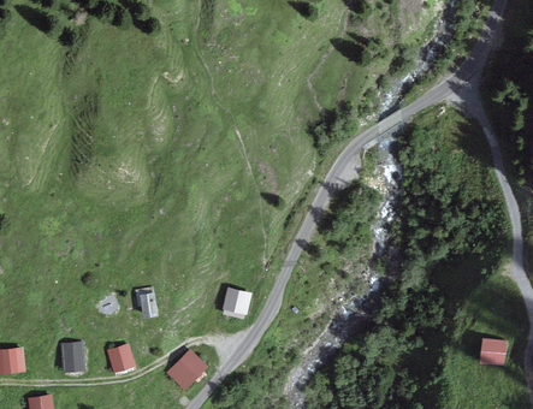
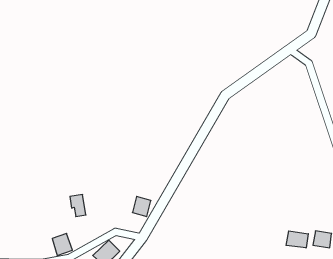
building: none -> [286,231,308,248]
building: [59,342,84,372] -> none

